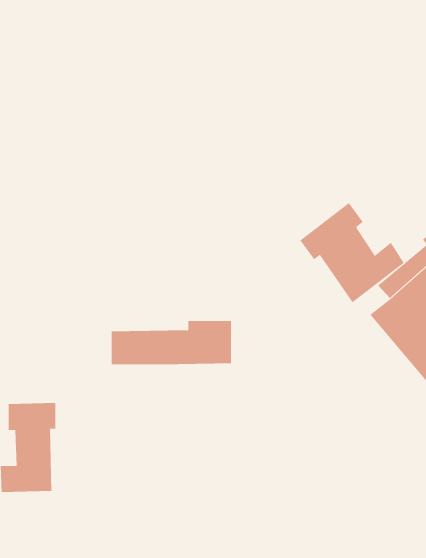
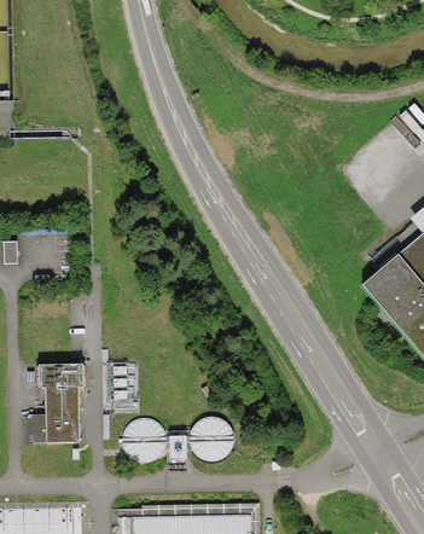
building: [300,202,404,303] -> none
building: [111,320,232,365] -> [126,420,234,460]

